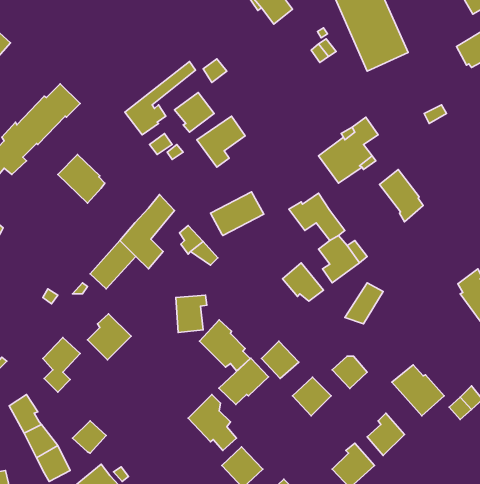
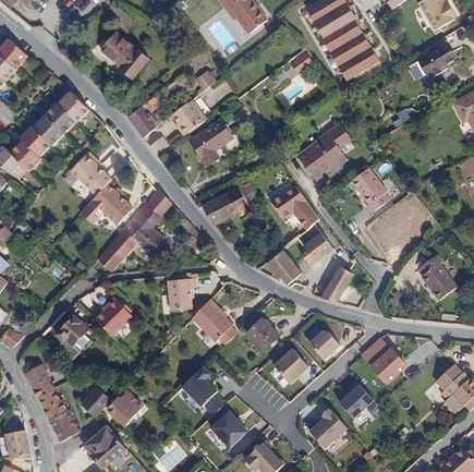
building: none -> [100,31,150,78]
building: none -> [80,183,131,225]
building: [219,358,268,405] -> none
building: none -> [107,390,143,425]

